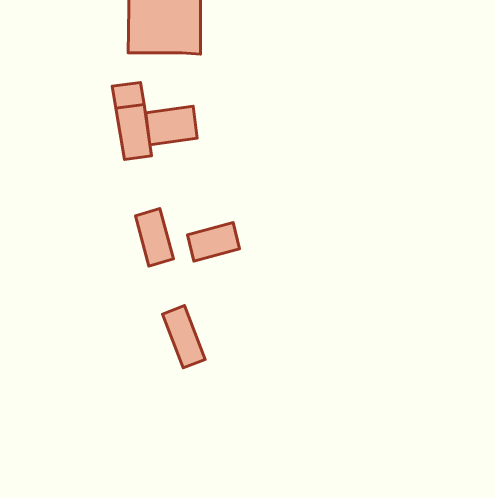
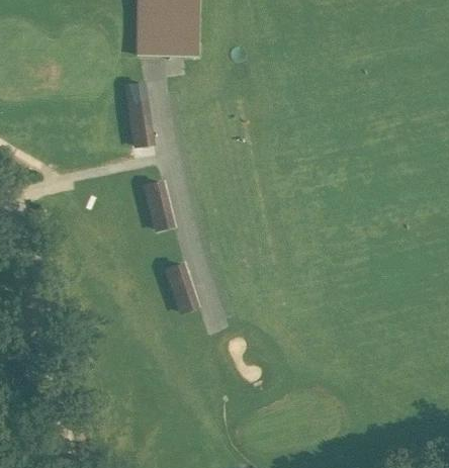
building: [146,106,197,145] -> none
building: [187,223,239,261] -> none

